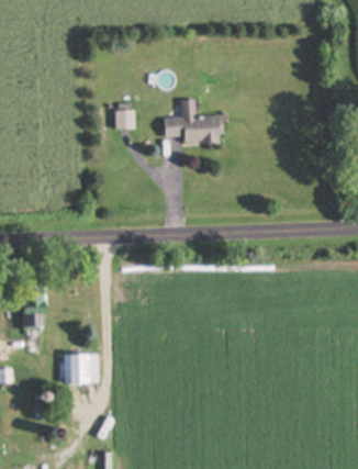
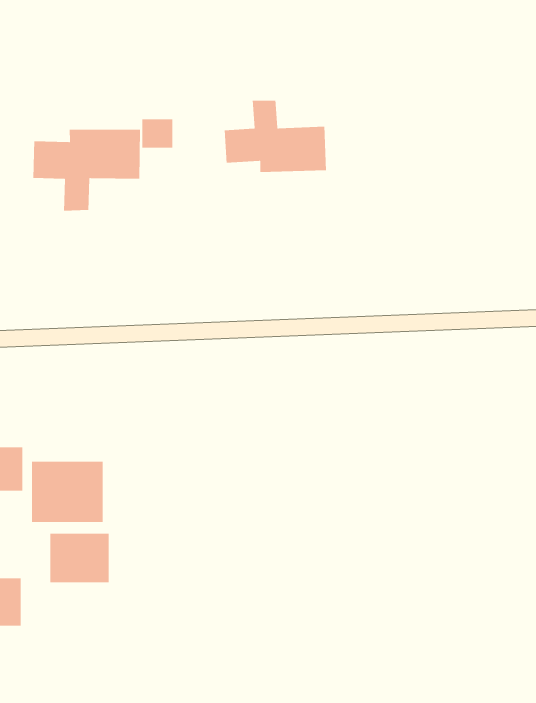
building: none -> [32,129,141,211]
building: none -> [31,461,103,523]

